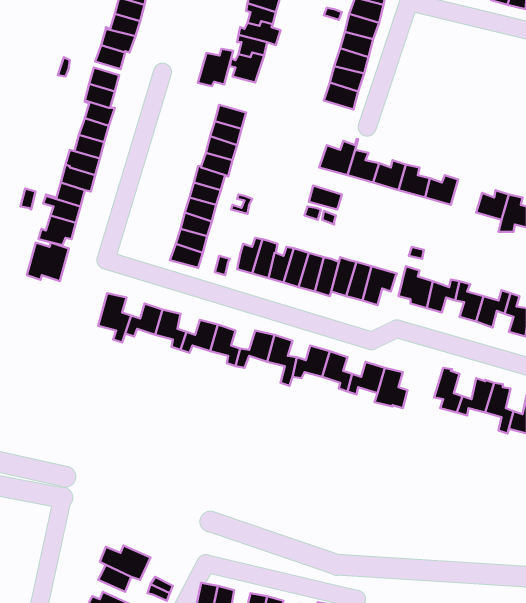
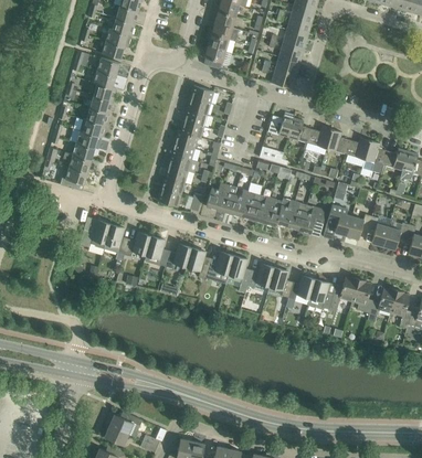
building: [198,49,233,86] -> none
building: none -> [362,141,388,174]
building: [27,242,69,281] -> [80,221,110,249]
building: none -> [329,277,359,312]

